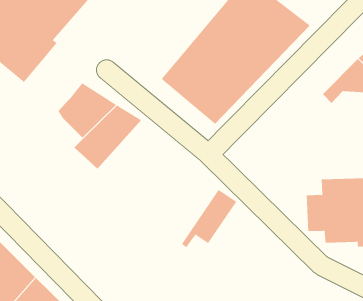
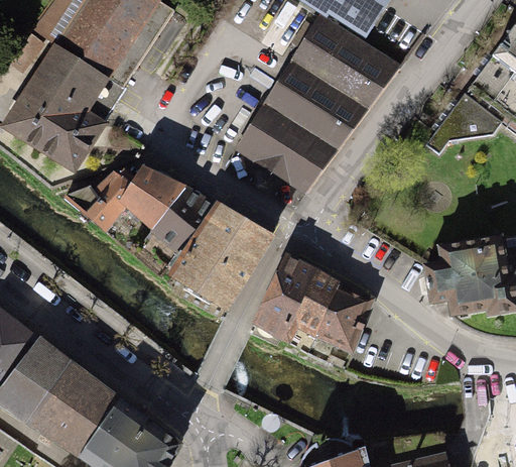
building: none -> [62,171,129,233]
building: none -> [165,200,276,313]
building: none -> [251,252,317,339]
building: none -> [314,281,376,353]

